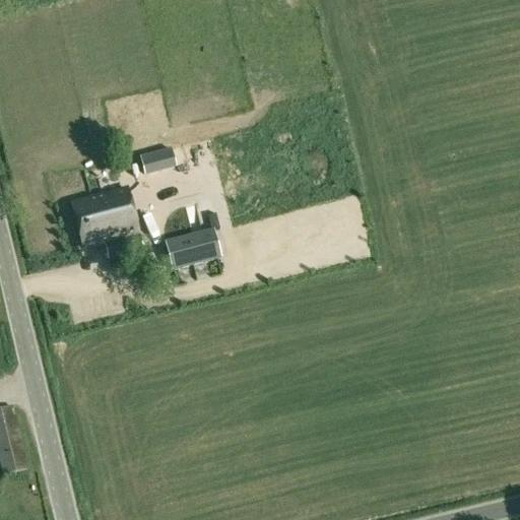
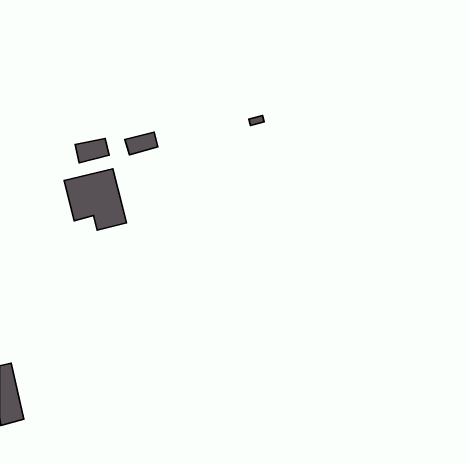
building: none -> [75,139,109,163]
building: [166,229,219,267] -> none

